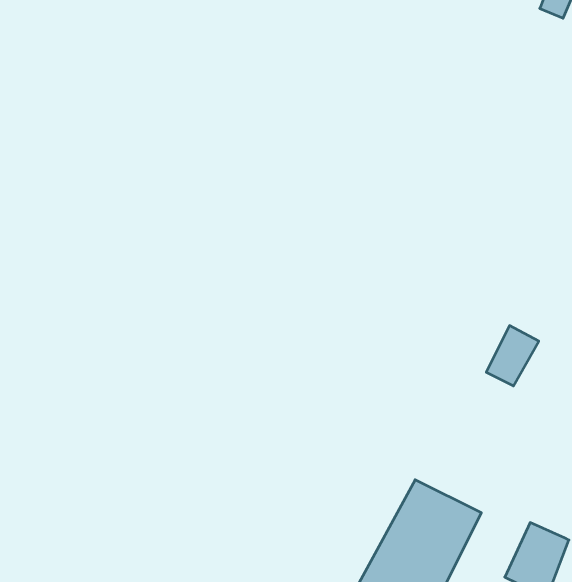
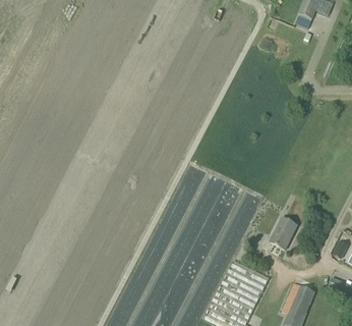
building: [486,326,539,386] -> [271,217,298,249]

